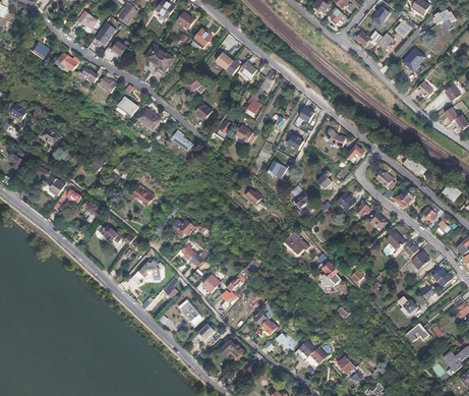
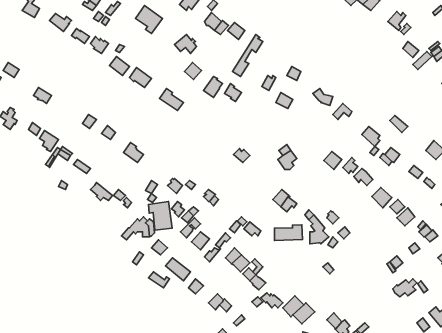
building: none -> [148,202,172,230]
building: none -> [274,225,302,241]

